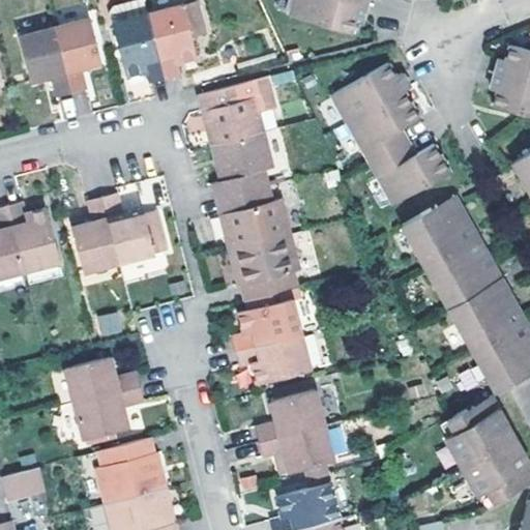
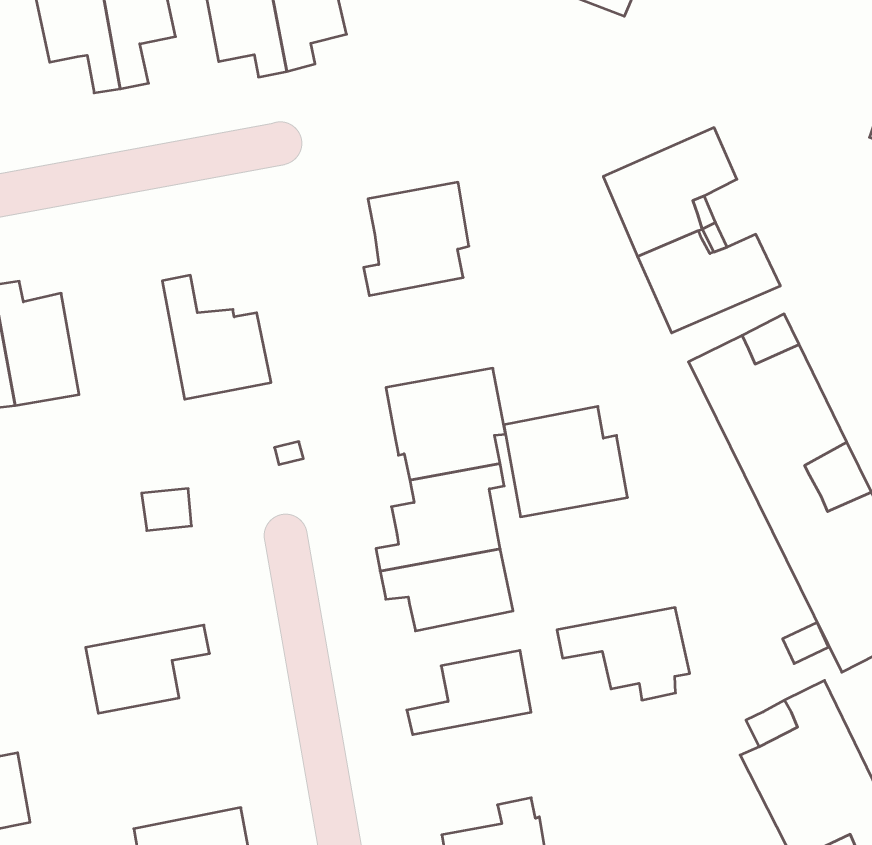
building: [331,66,411,123] -> none
building: [202,77,277,144] -> none
building: [219,184,291,248] -> [504,406,628,517]
building: [75,197,120,270] -> none
building: [65,358,139,404] -> none
building: [259,424,334,477] -> [557,608,690,700]
building: [97,437,166,503] -> none

